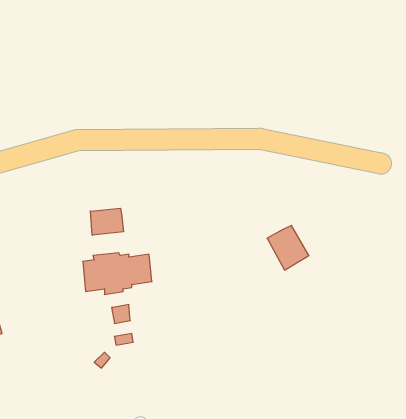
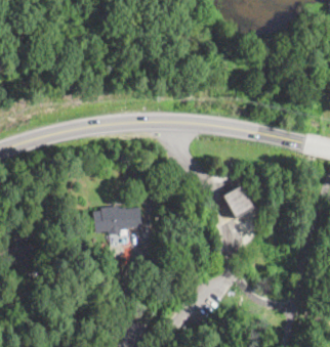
building: [90,208,123,235] -> none

